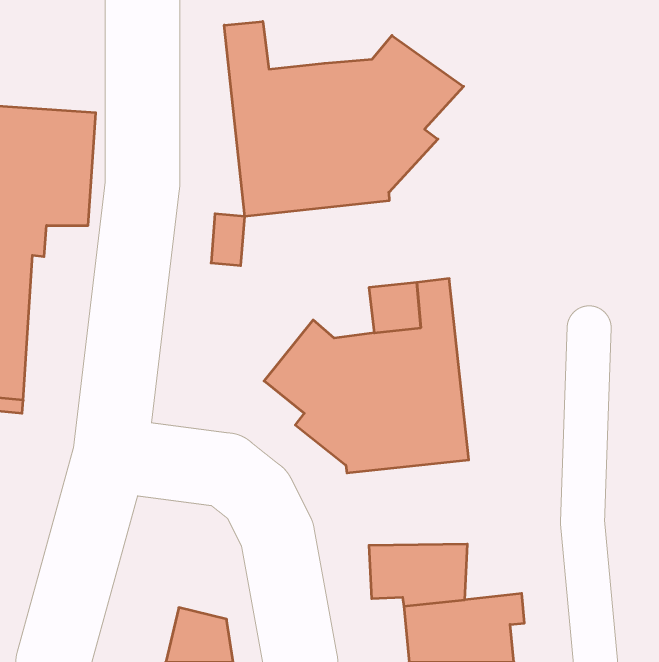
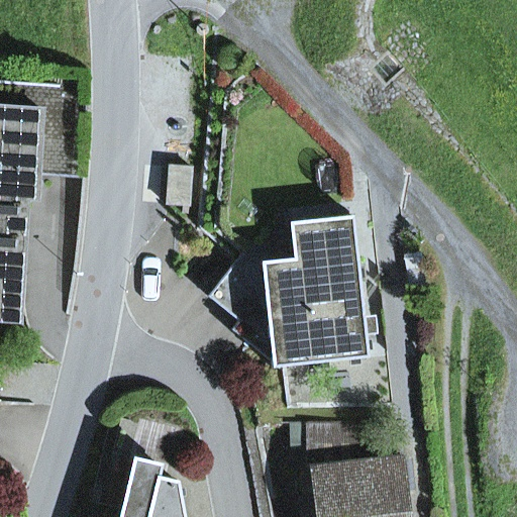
building: [224,21,464,216] -> none

